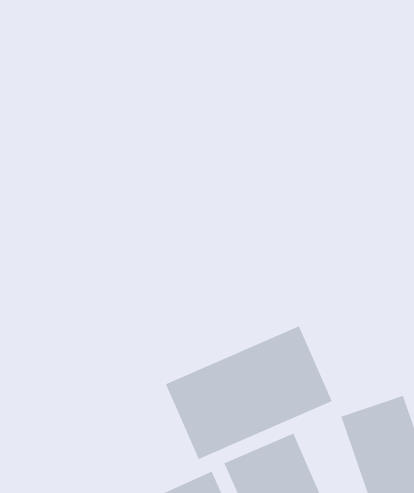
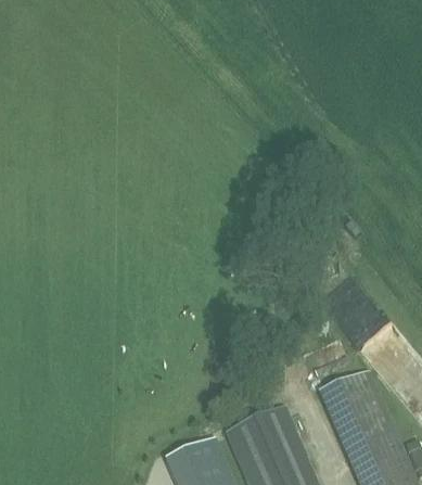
building: [165,326,333,460] -> none

